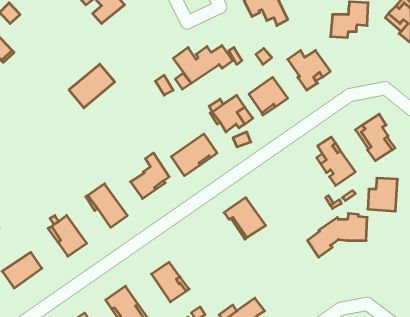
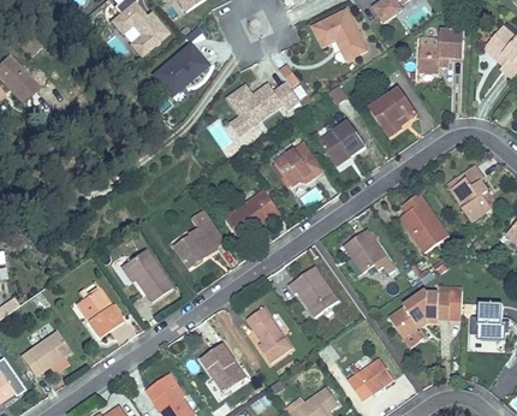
building: [69,64,115,108] -> [153,42,208,95]
building: none -> [344,228,394,273]
building: [368,178,398,211] -> [467,302,503,341]
building: none -> [246,307,291,362]
building: none -> [357,358,393,394]

